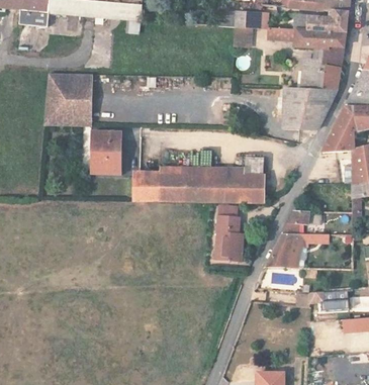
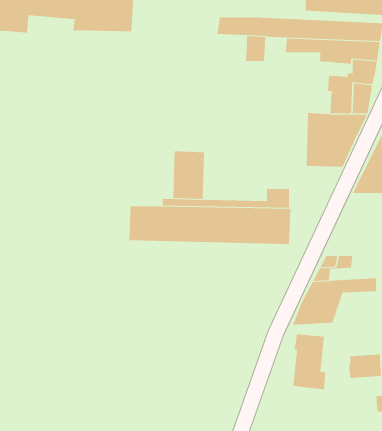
building: [51,71,96,128] -> none
building: [97,131,123,171] -> [173,151,205,199]
building: [218,213,246,259] -> [293,334,326,390]

